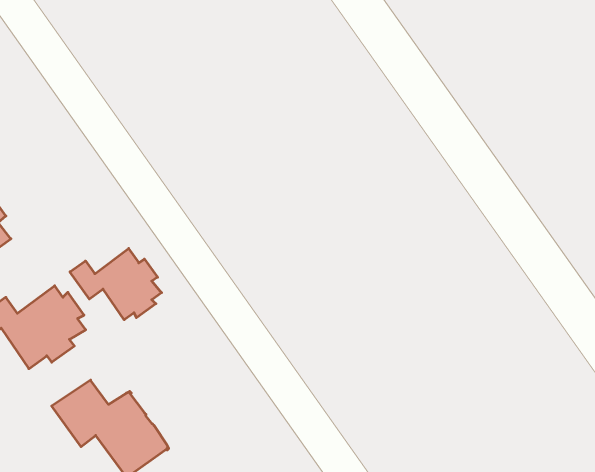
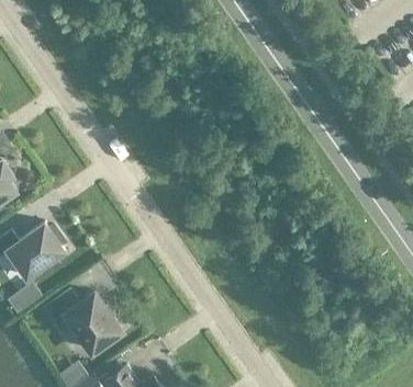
building: [70,248,162,320] -> none

